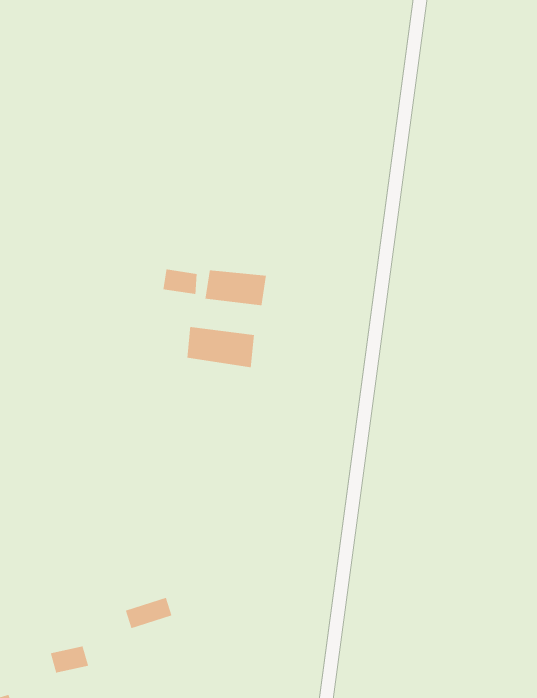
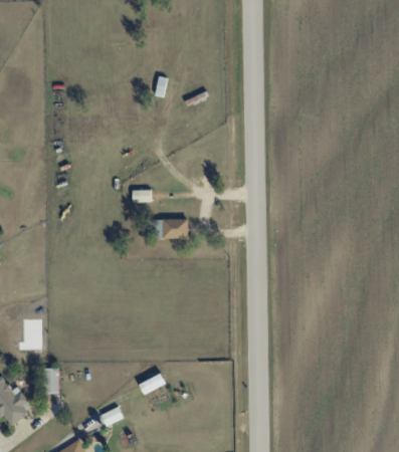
building: [205,270,267,306] -> none

